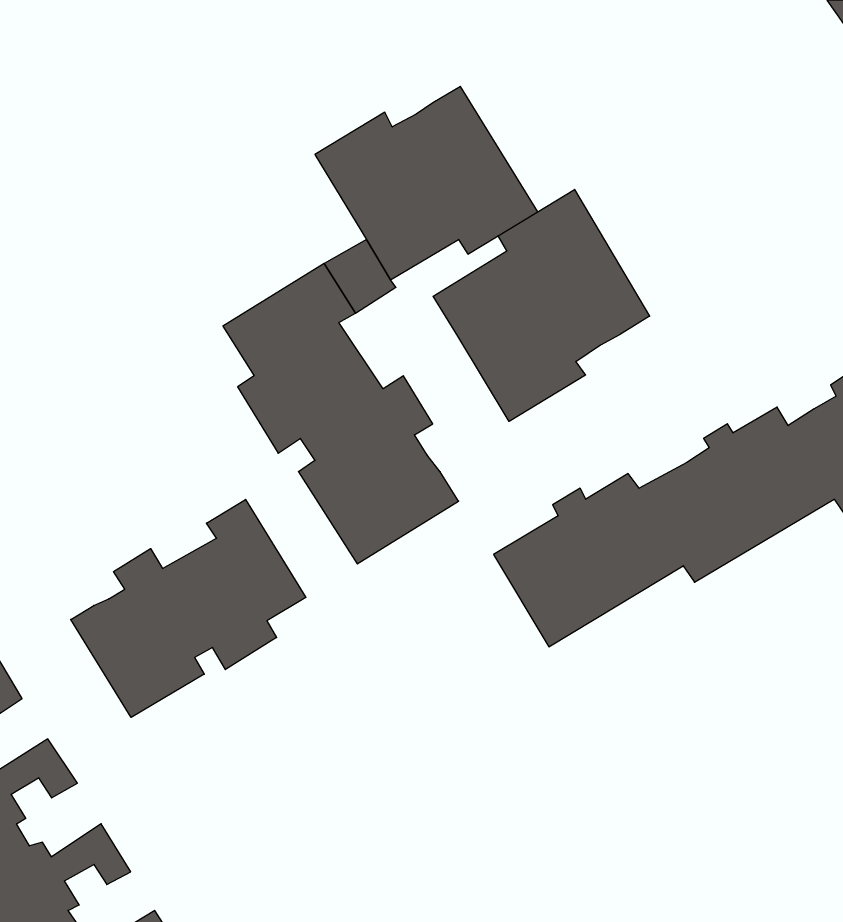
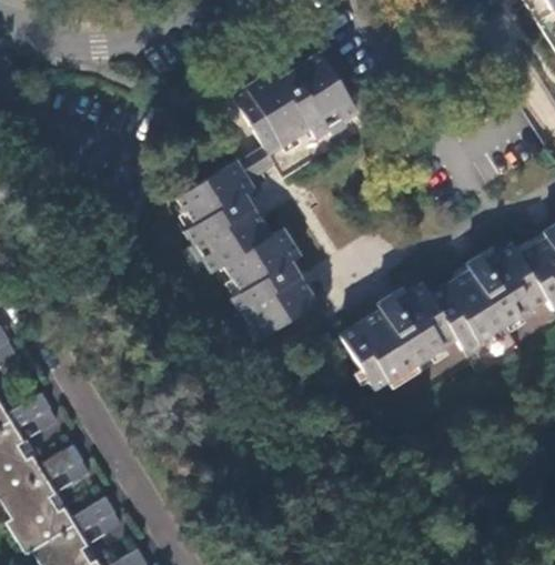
building: [433,189,650,421] -> none
building: [71,499,306,717] -> none

